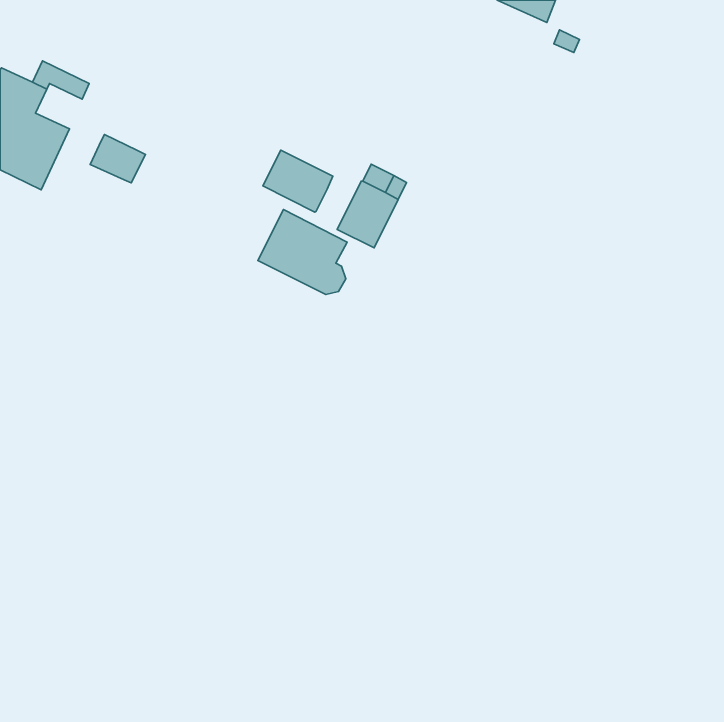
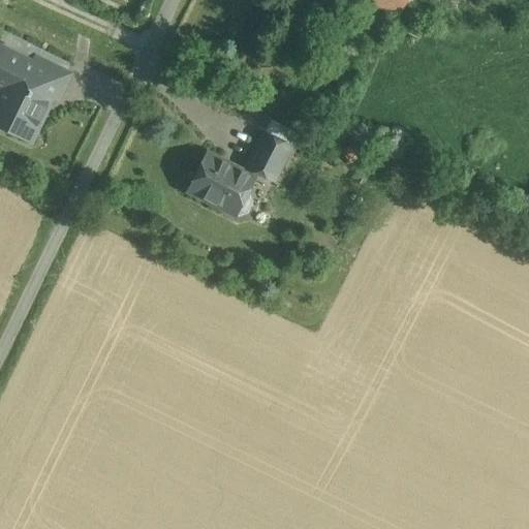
building: [90,135,145,183] -> [26,62,66,97]
building: [263,150,333,212] -> none

